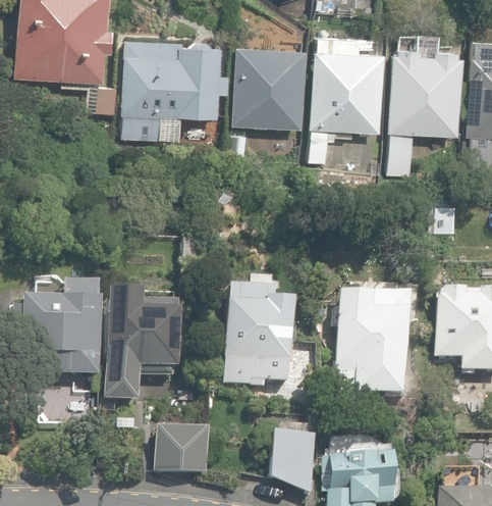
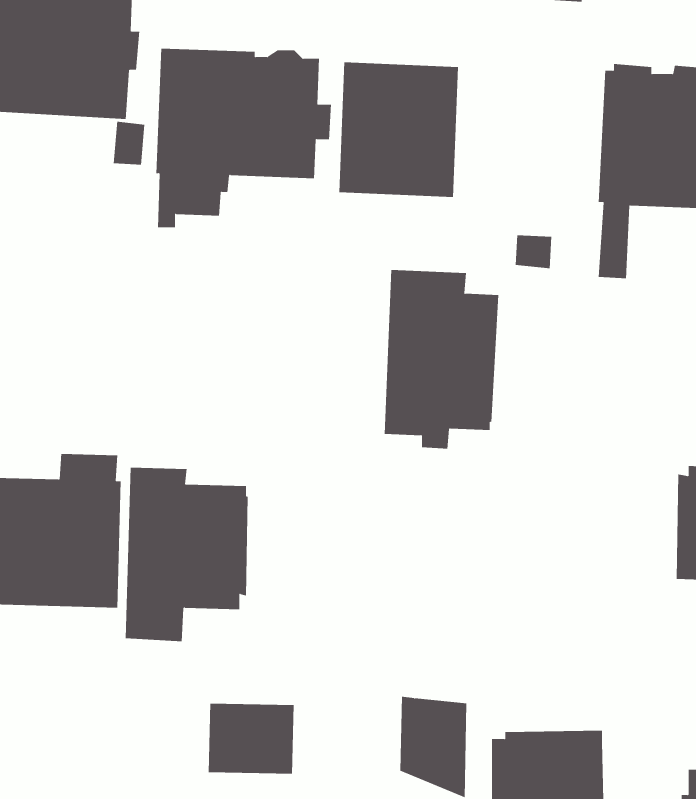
building: [310,45,383,158] -> none
building: [226,285,295,393] -> [384,269,499,449]
building: [337,293,409,395] -> none

